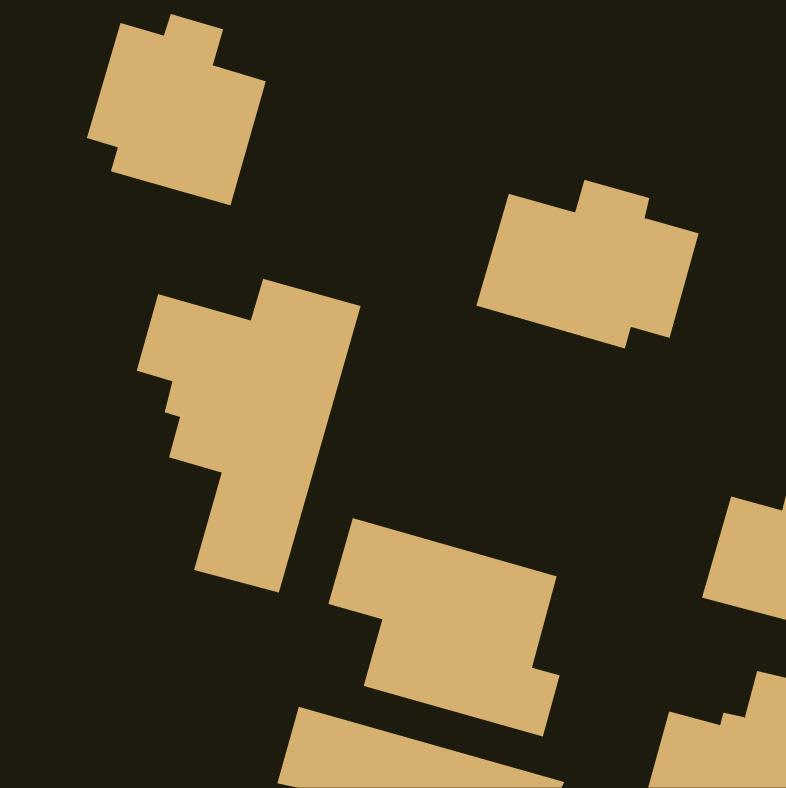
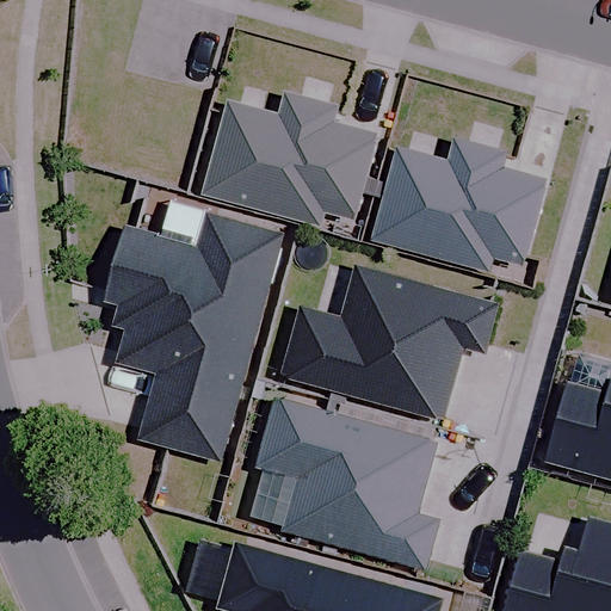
building: [86,13,267,206] -> none
building: none -> [203,93,374,224]
building: none -> [282,267,494,419]

